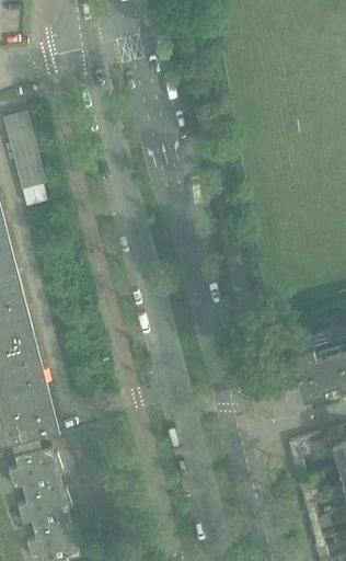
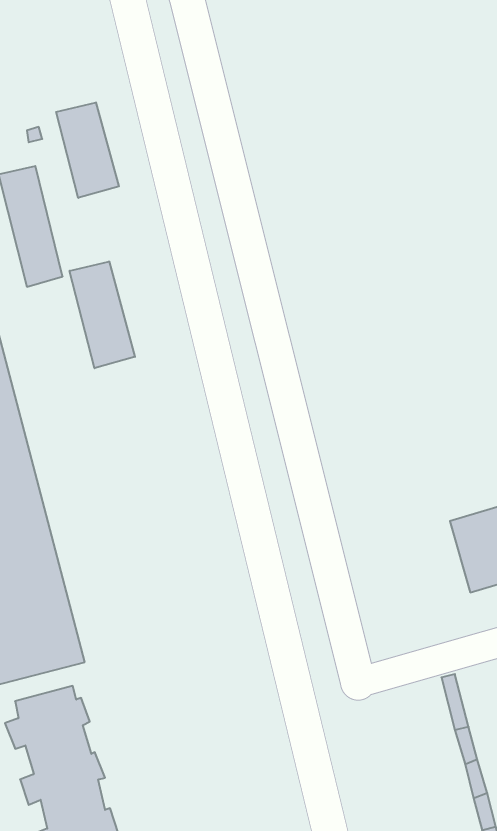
building: none -> [56,102,119,198]
building: none -> [70,261,135,368]

